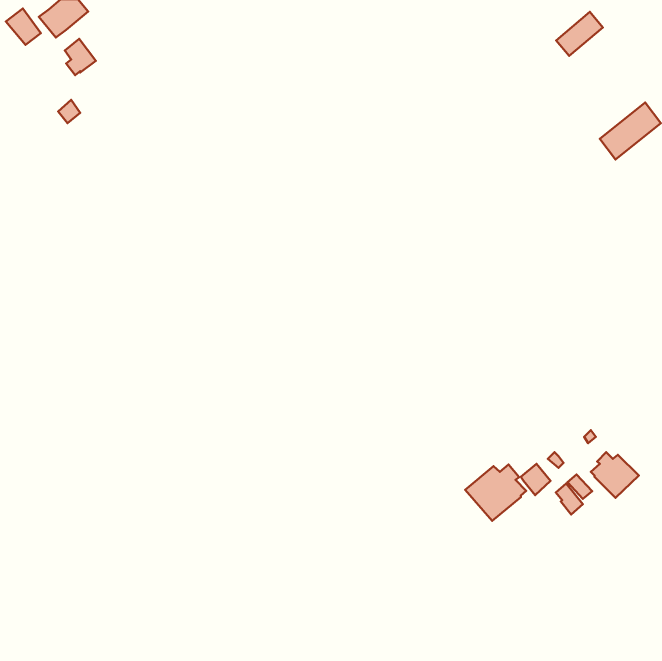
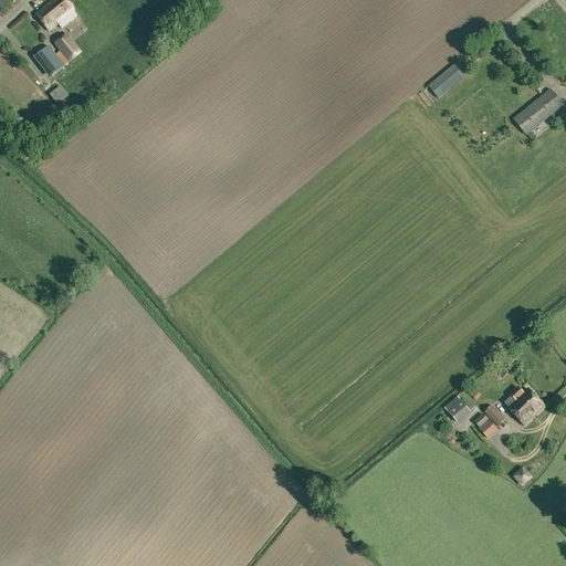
building: [6,9,41,45] -> [34,45,64,76]
building: [556,12,603,56] -> [428,61,468,98]
building: [465,464,526,521] -> none

